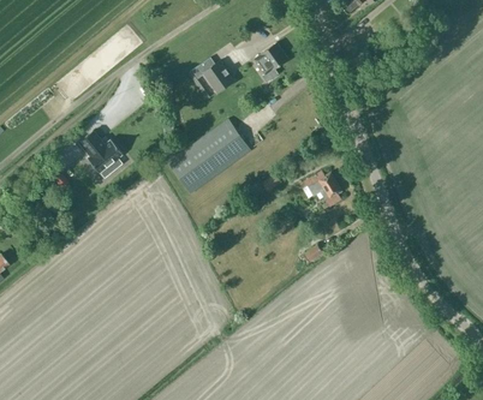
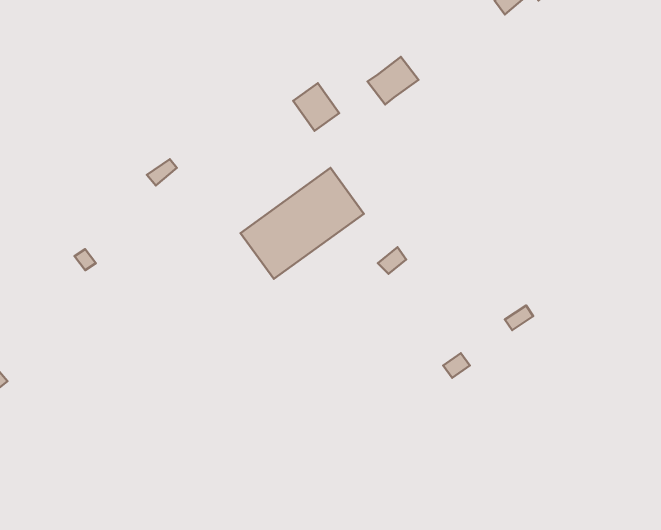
building: [77,131,120,173] -> none
building: [298,172,340,207] -> none

